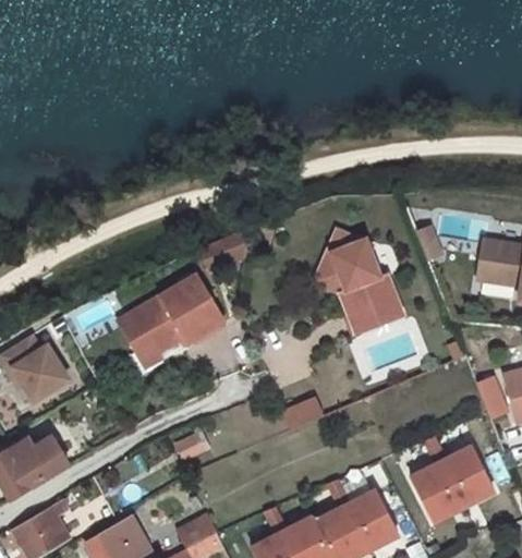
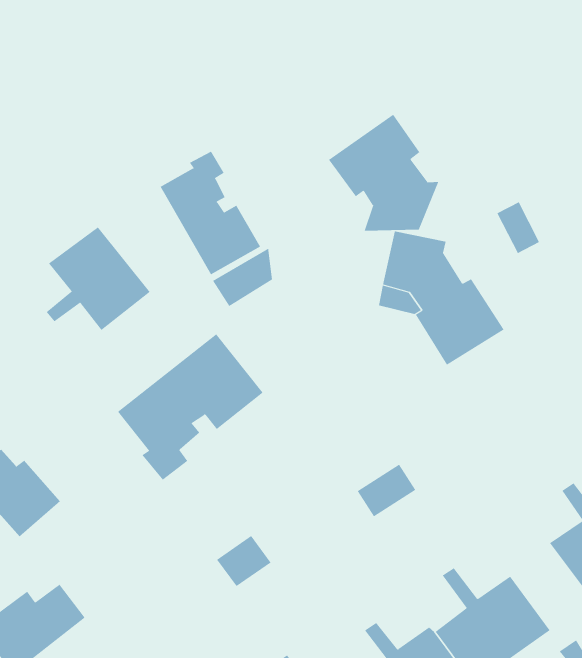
building: none -> [328,114,439,232]
building: none -> [160,151,261,275]
building: none -> [46,227,150,331]

